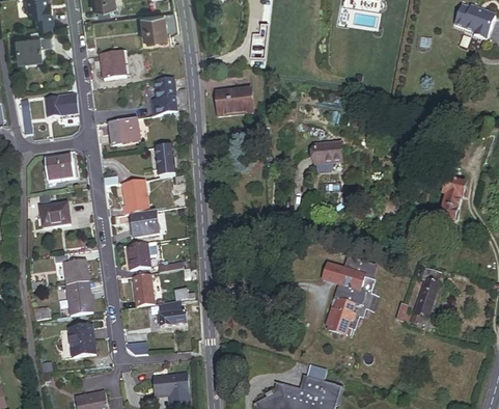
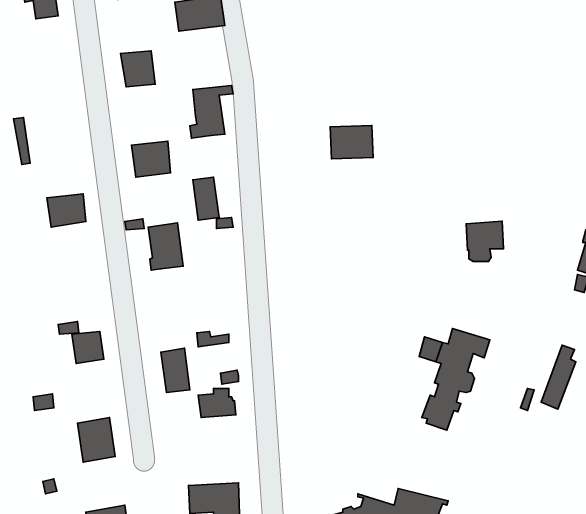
building: [17,34,43,58] -> none
building: [214,93,246,118] -> [330,125,373,159]
building: [45,97,79,118] -> none
building: [311,140,339,170] -> [466,221,504,261]
building: [39,202,71,226] -> none
building: [130,211,158,238] -> none
building: [124,241,157,270] -> none
building: [65,281,92,316] -> none

